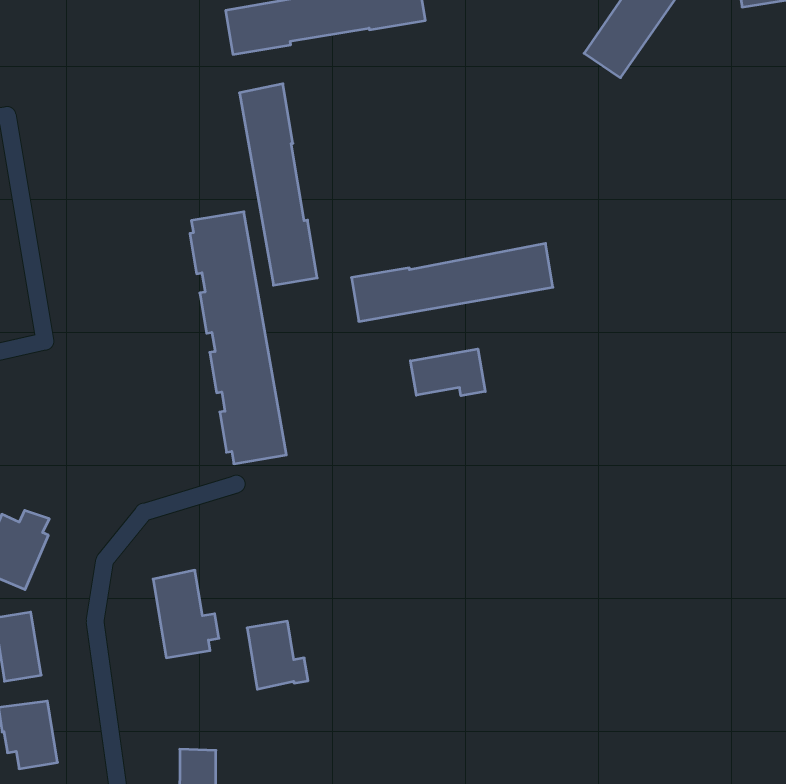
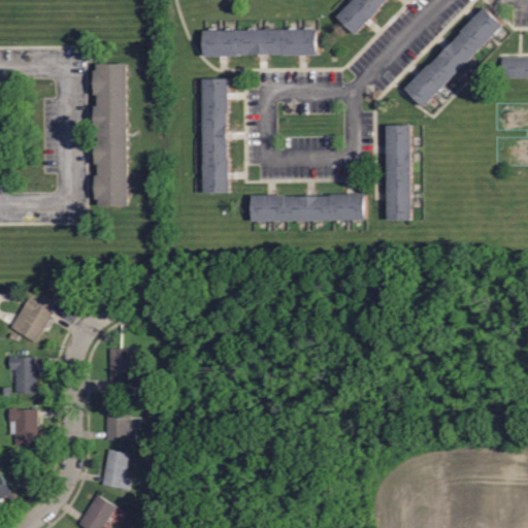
building: none -> [387,124,412,220]
building: [190,212,286,464] -> [93,63,127,206]
building: [410,349,485,396] -> none
building: [247,621,308,689] -> [104,404,134,440]

